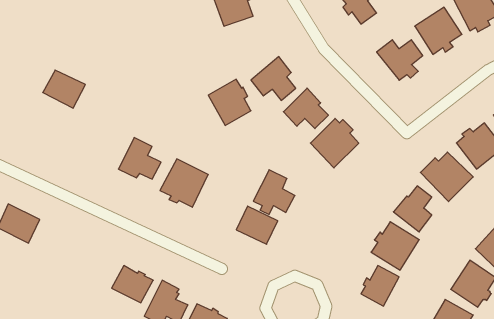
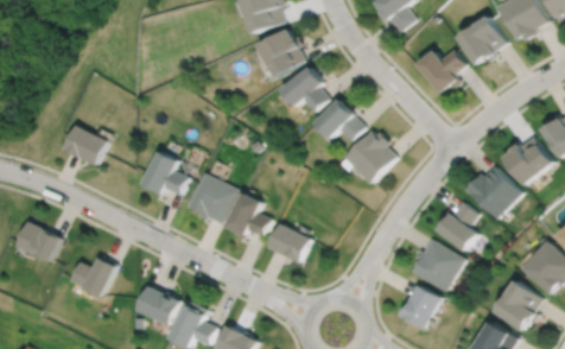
building: [43,70,85,108] -> [62,123,107,164]
building: [208,79,251,125] -> [260,26,305,75]
building: [253,170,295,215] -> [227,191,271,239]
building: none -> [69,256,115,297]

